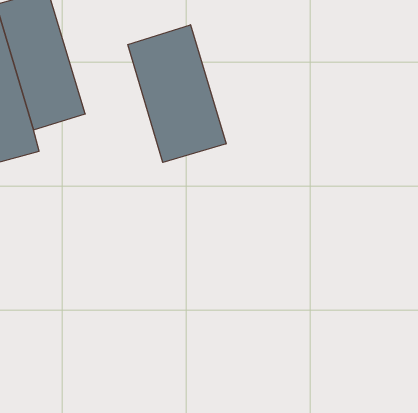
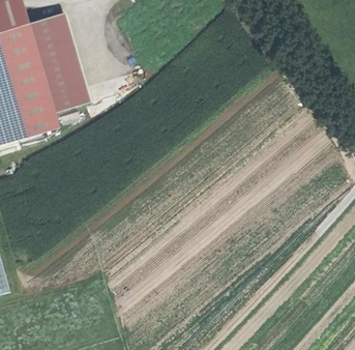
building: [128,25,226,162] -> none

